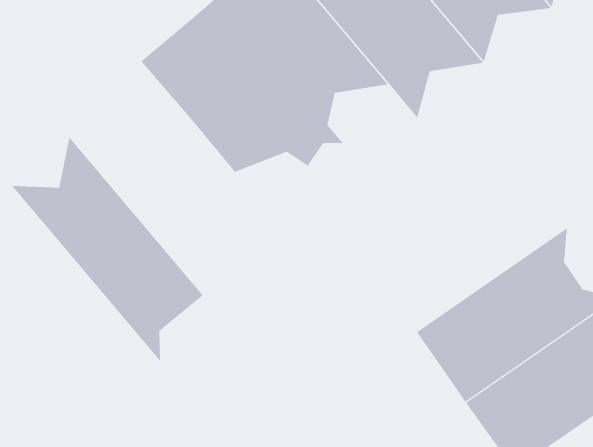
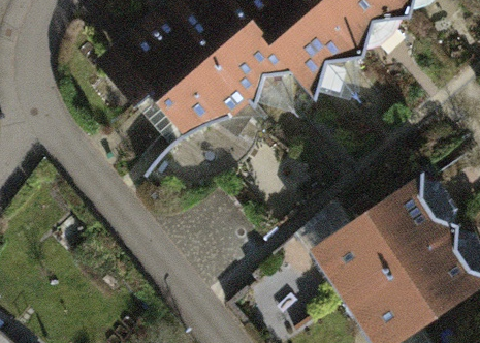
building: [11,136,203,362] -> none

